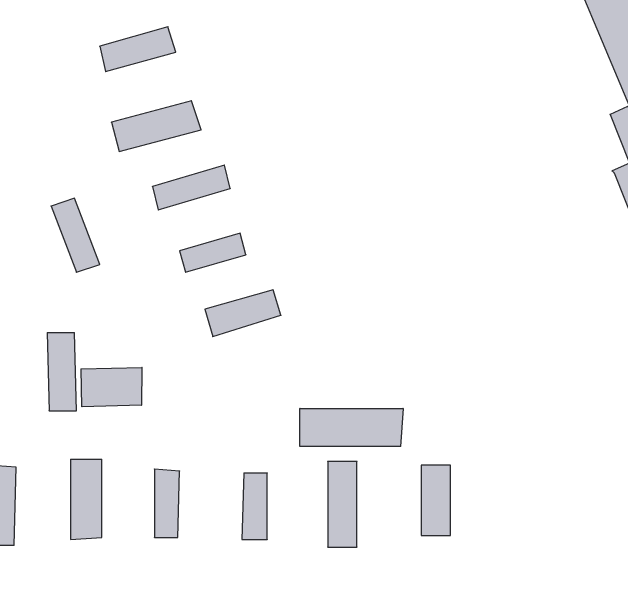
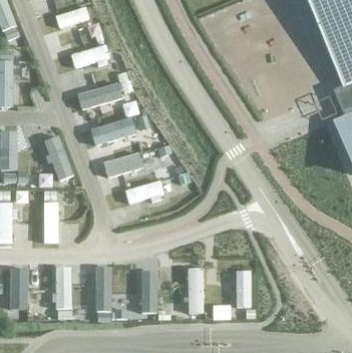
building: [81,367,142,407] -> none
building: [300,408,403,446] -> none

